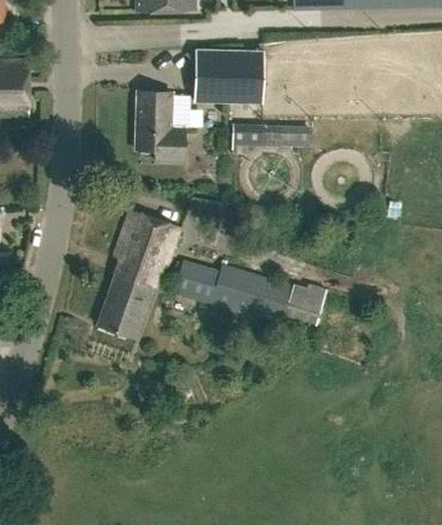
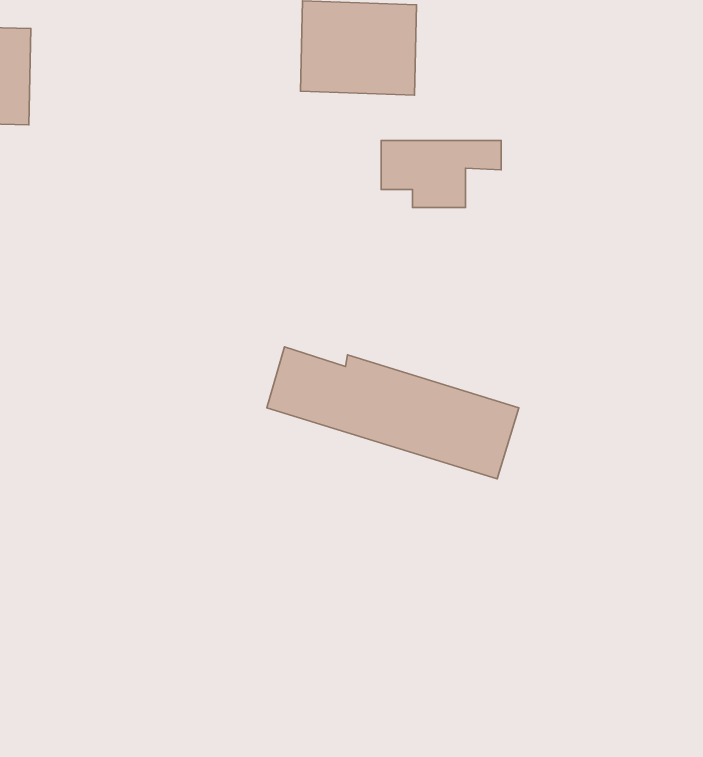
building: [135,90,184,163] -> none
building: [95,213,177,339] -> none

